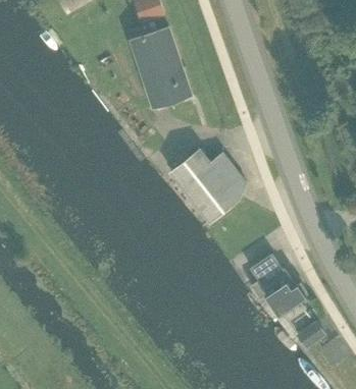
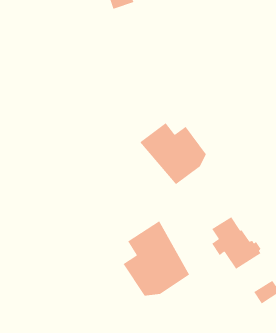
building: [131,27,192,107] -> none
building: none -> [123,220,190,296]

